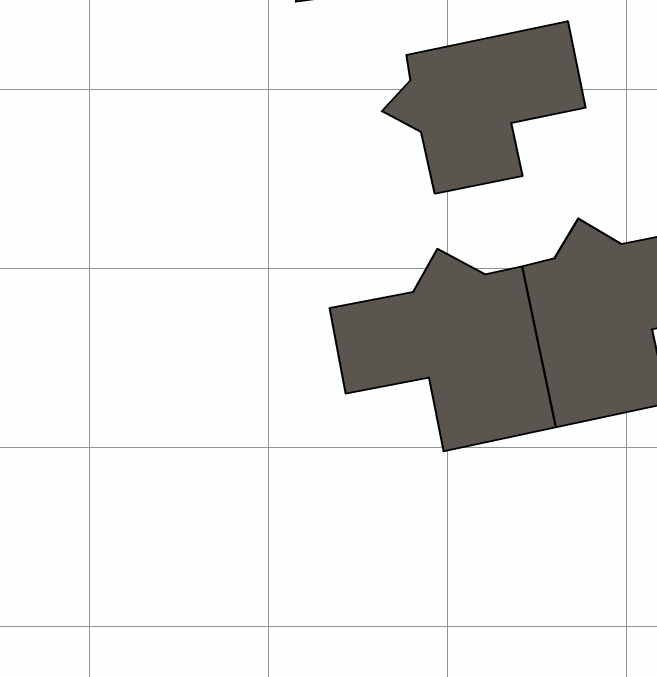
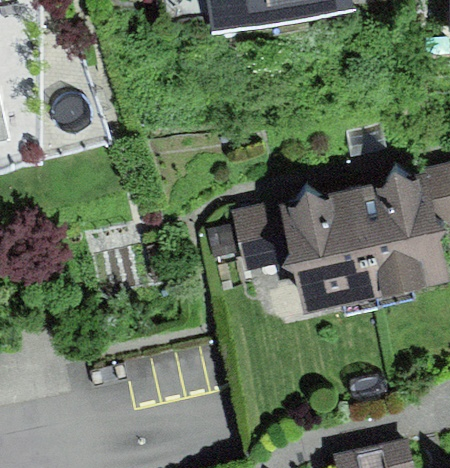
building: [382,21,586,194] -> none

